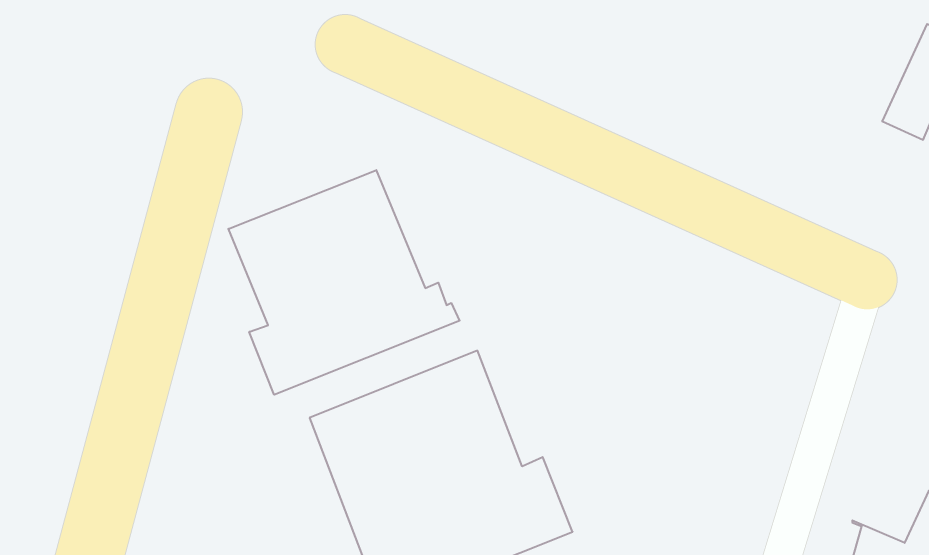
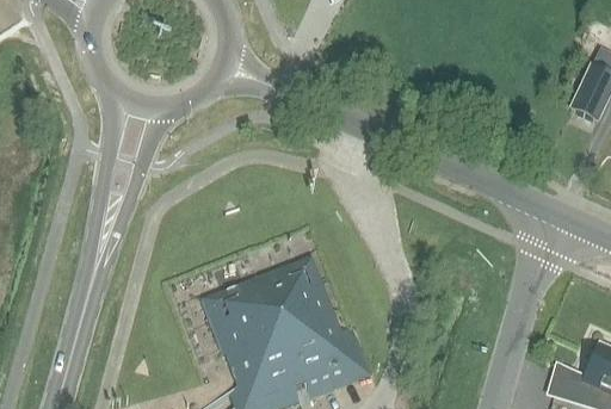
building: [228,170,460,395] -> none

